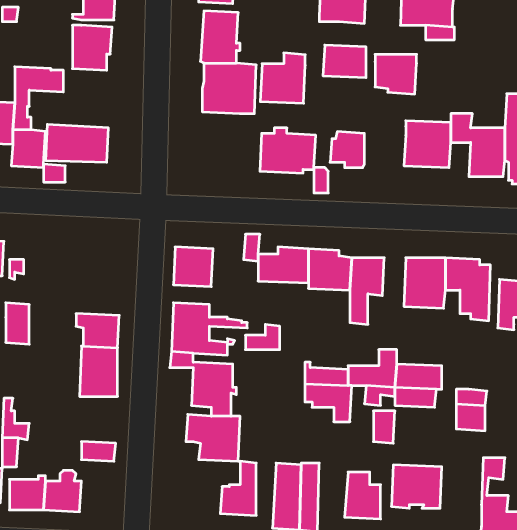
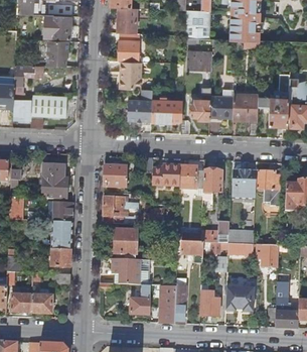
building: [260,53,305,103] -> [127,94,152,122]
building: [375,54,417,94] -> [209,97,233,119]
building: none -> [41,163,66,199]
building: none -> [49,248,71,267]

